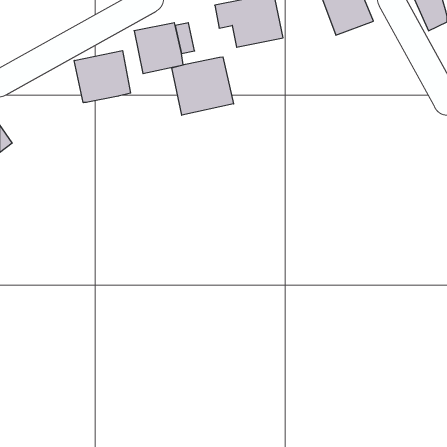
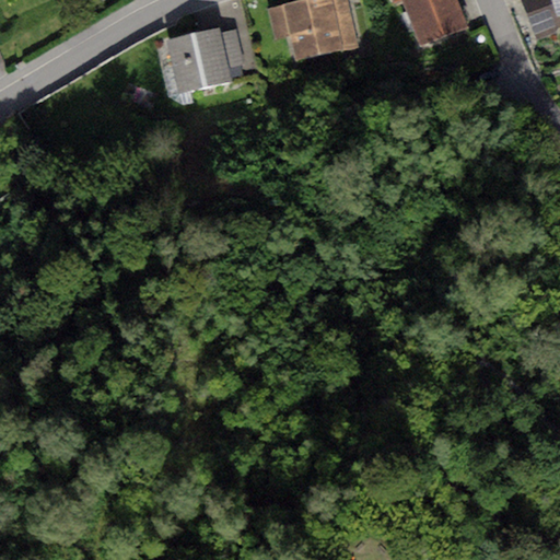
building: [74,51,131,103] -> none
building: [172,57,234,115] -> none

